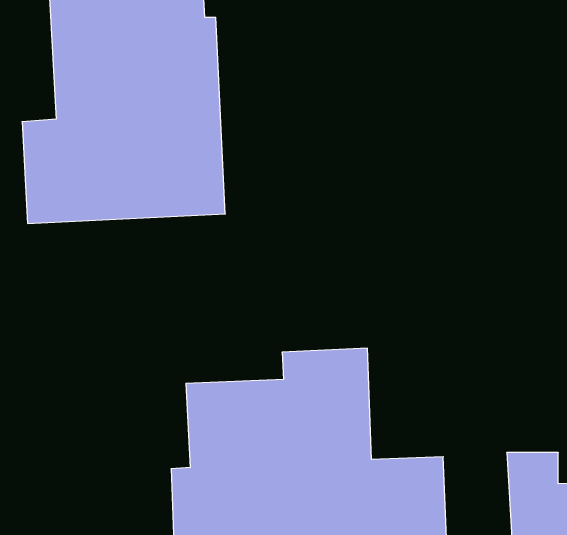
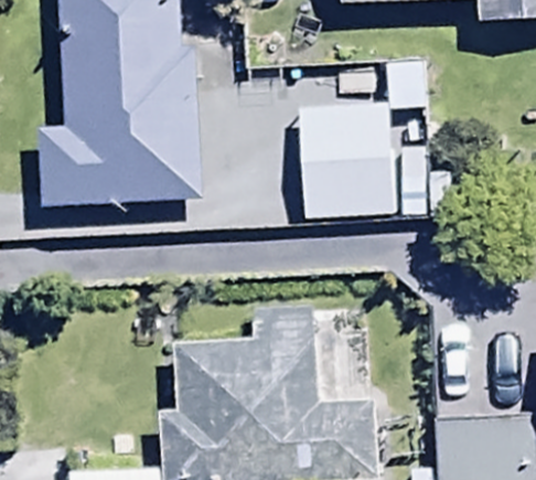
building: none -> [297,60,449,220]

